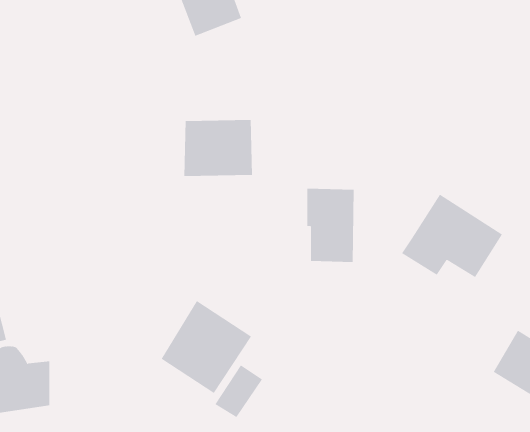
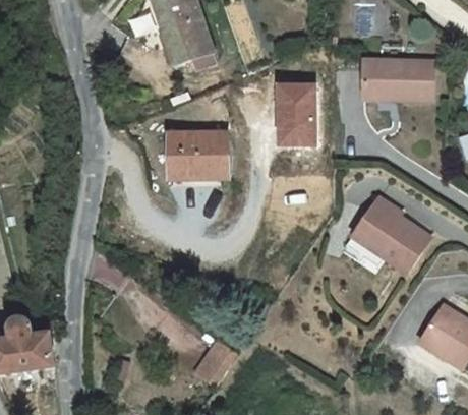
building: none -> [363,60,432,98]
building: [306,188,355,263] -> [276,90,315,151]
building: [161,300,252,394] -> none

